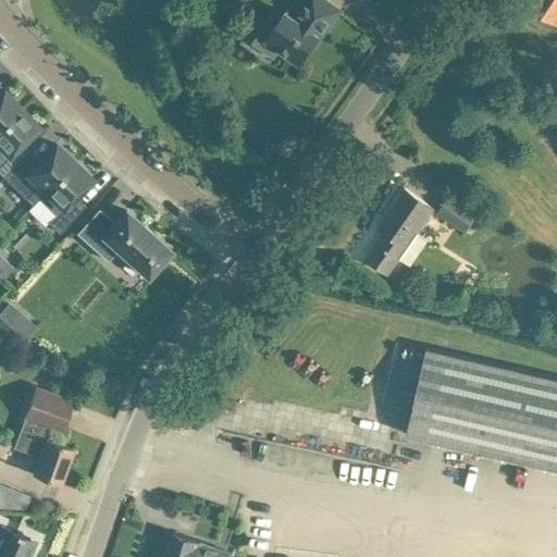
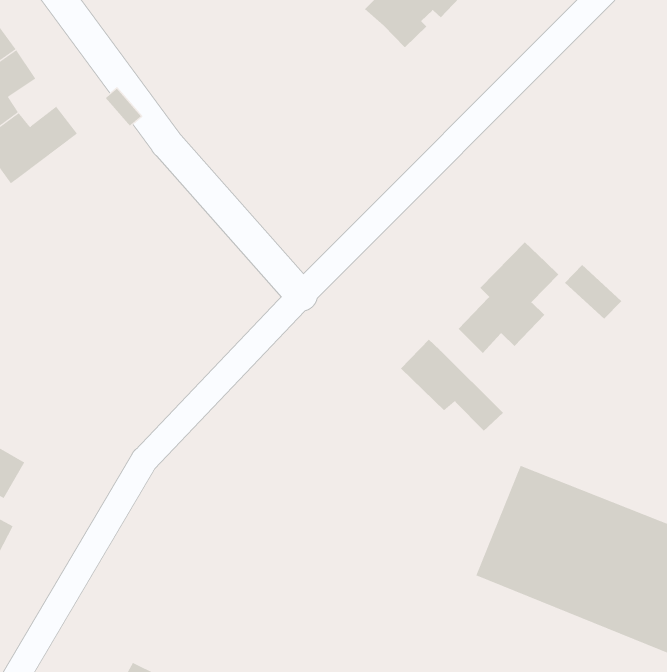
building: [38,163,91,234] -> none
building: [76,211,171,277] -> none
building: none -> [400,339,504,432]

